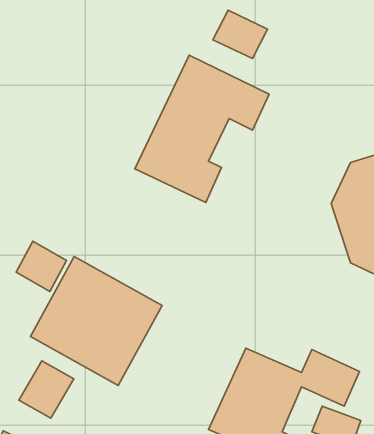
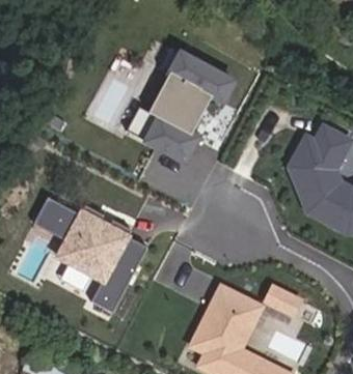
building: [213,10,268,59] -> none
building: [19,361,74,418] -> none

